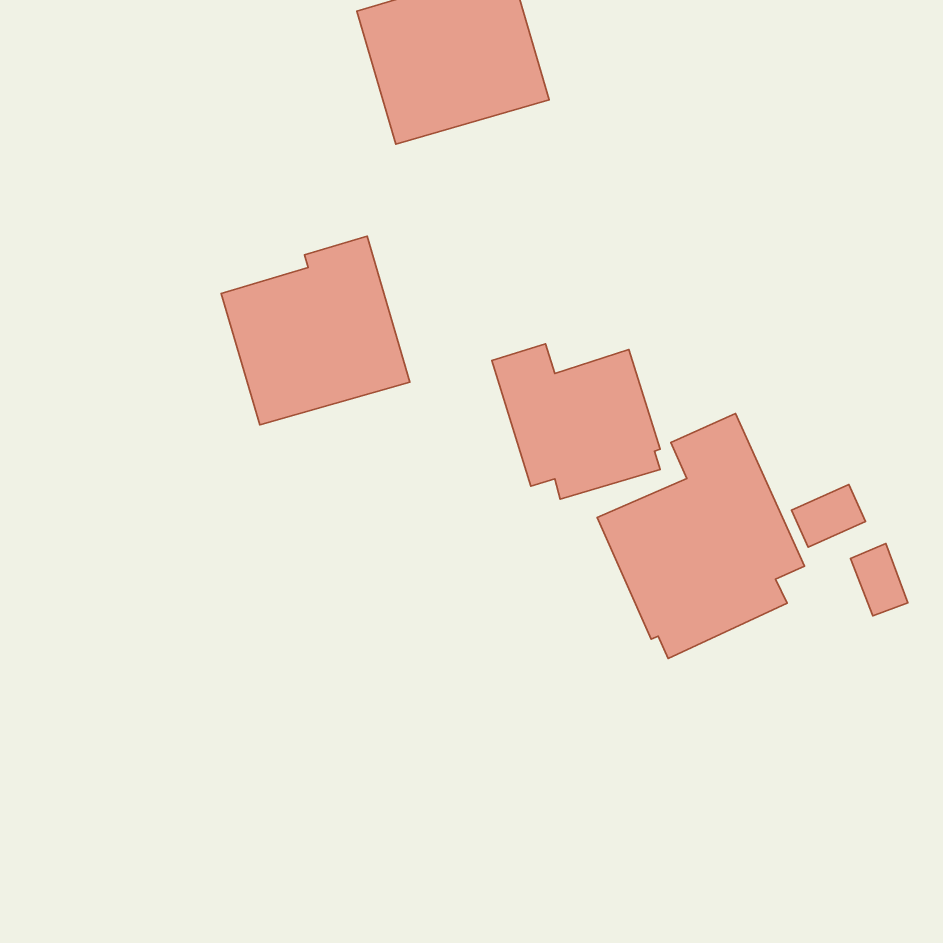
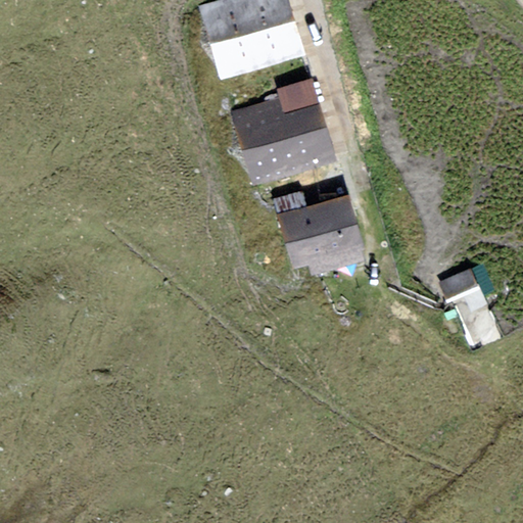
building: [221,236,410,425] -> [230,79,334,183]
building: [597,413,804,659] -> none

